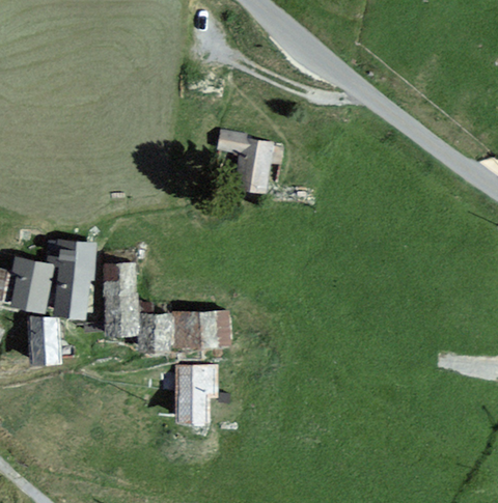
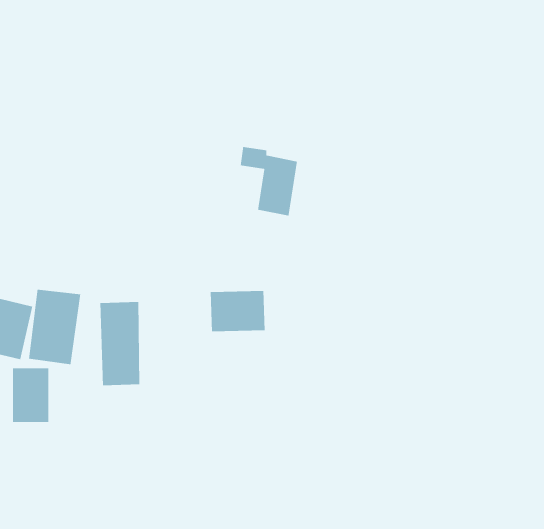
building: [181,311,227,346] -> [210,290,265,332]
building: [142,314,174,347] -> none
building: [170,365,215,422] -> none

